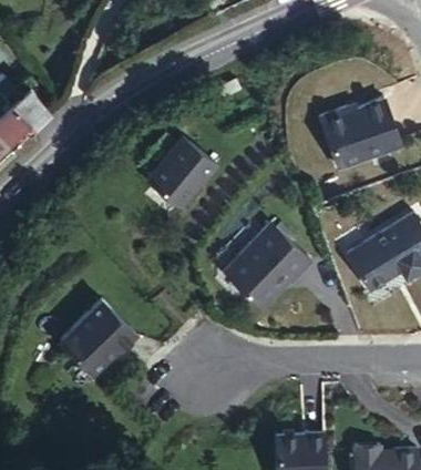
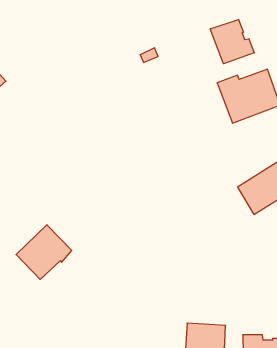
building: none -> [210,19,254,64]
building: [147,139,218,208] -> none
building: [223,222,312,309] -> none

